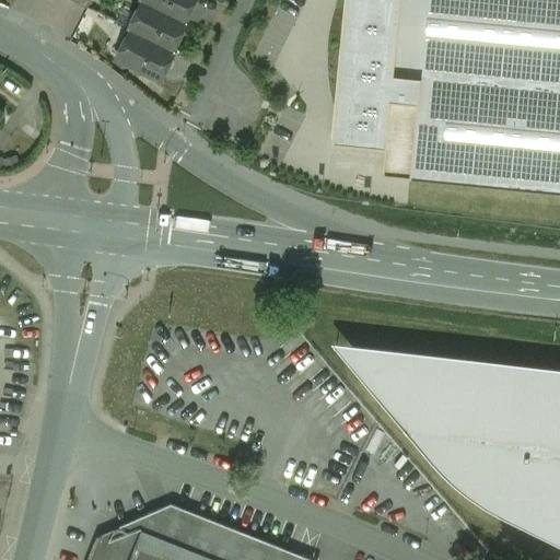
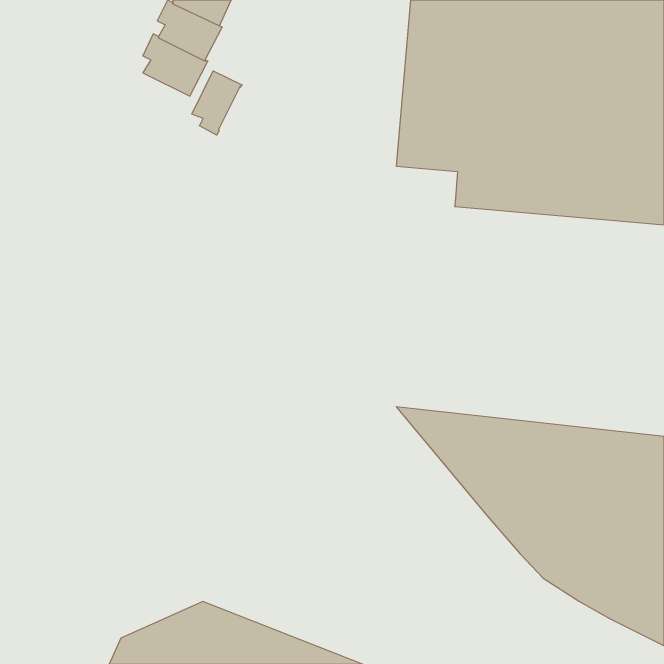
building: none -> [192,71,242,135]

